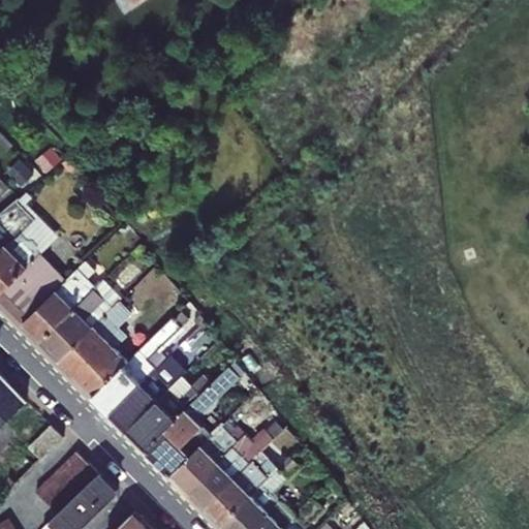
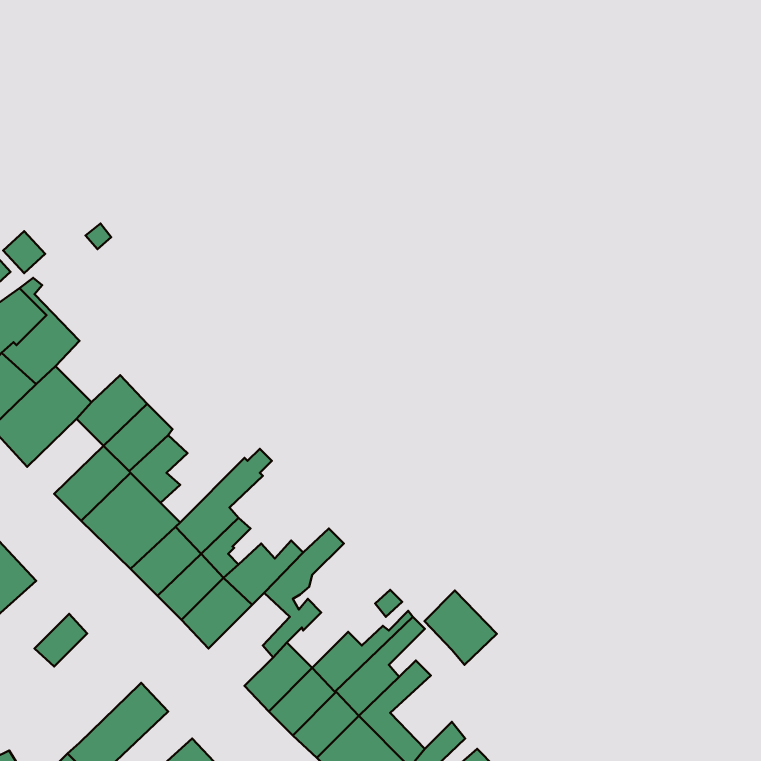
building: [19,292,71,344] -> none
building: none -> [425,591,497,665]
building: [144,412,199,476] -> none
building: [197,419,243,464] -> none
building: [32,454,96,516] -> none

